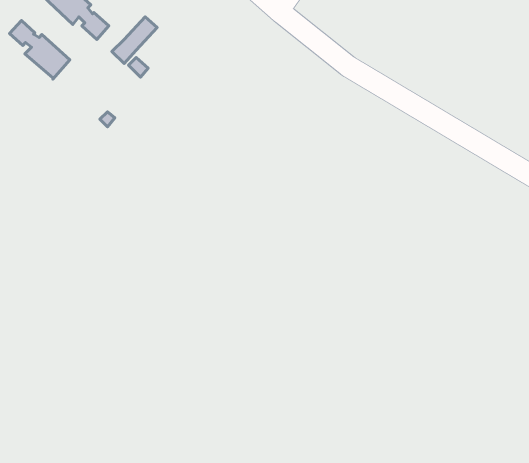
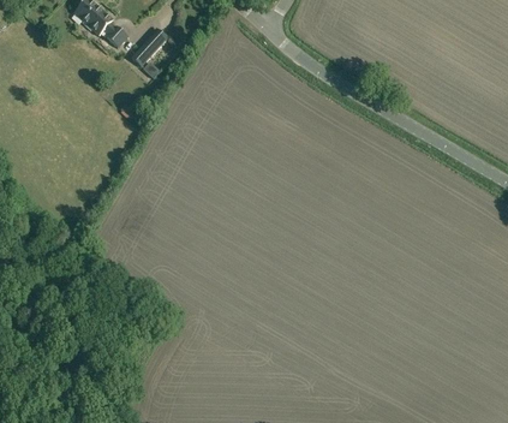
building: [10,21,70,79] -> none

